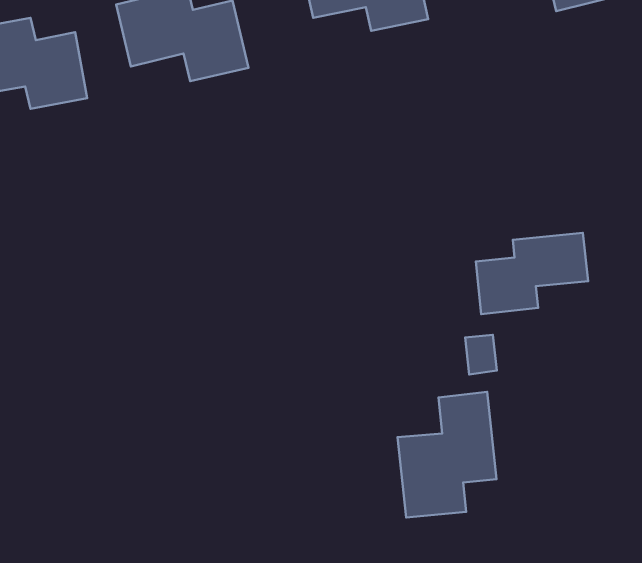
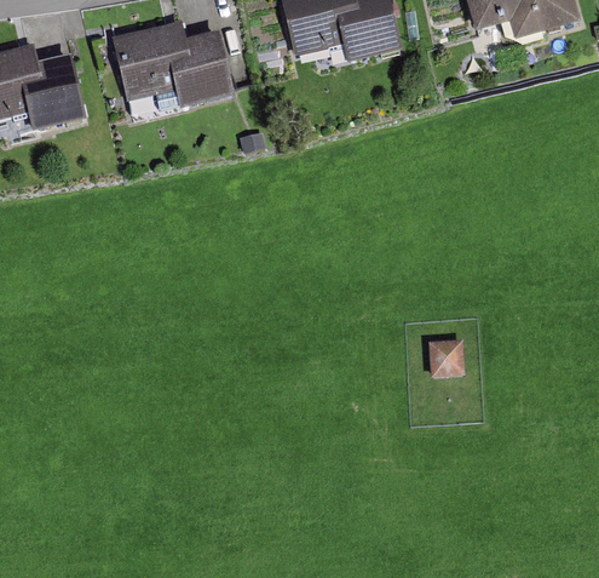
building: [476,233,588,314] -> none
building: [397,392,496,518] -> none

